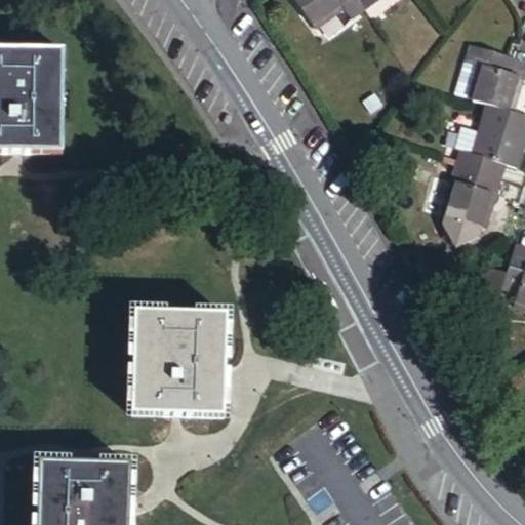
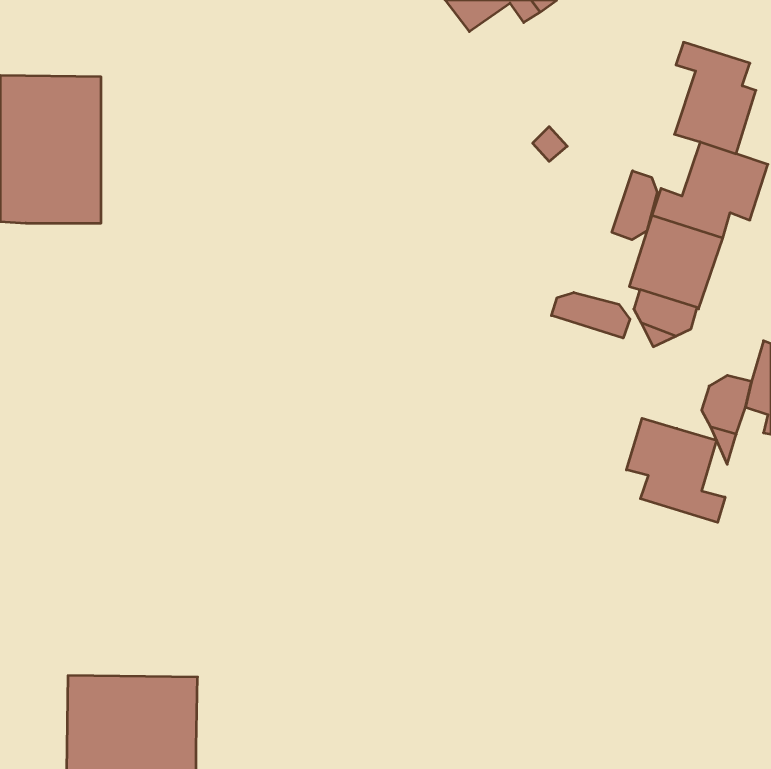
building: none -> [612,171,657,240]
building: none -> [551,292,630,338]
building: none -> [626,418,725,522]
building: [129,305,230,418] -> none

